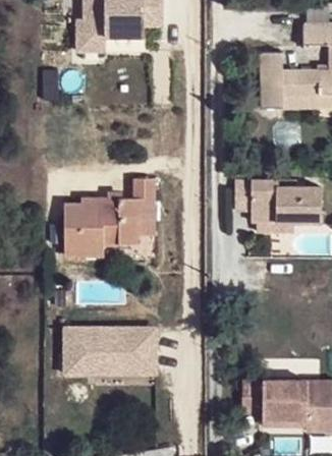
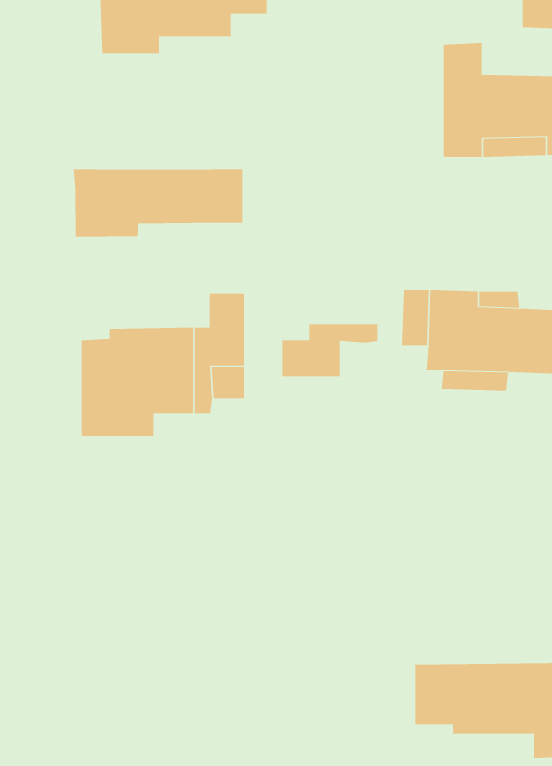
building: none -> [73,169,243,237]
building: none -> [282,323,378,377]
building: [64,326,158,377] -> none

